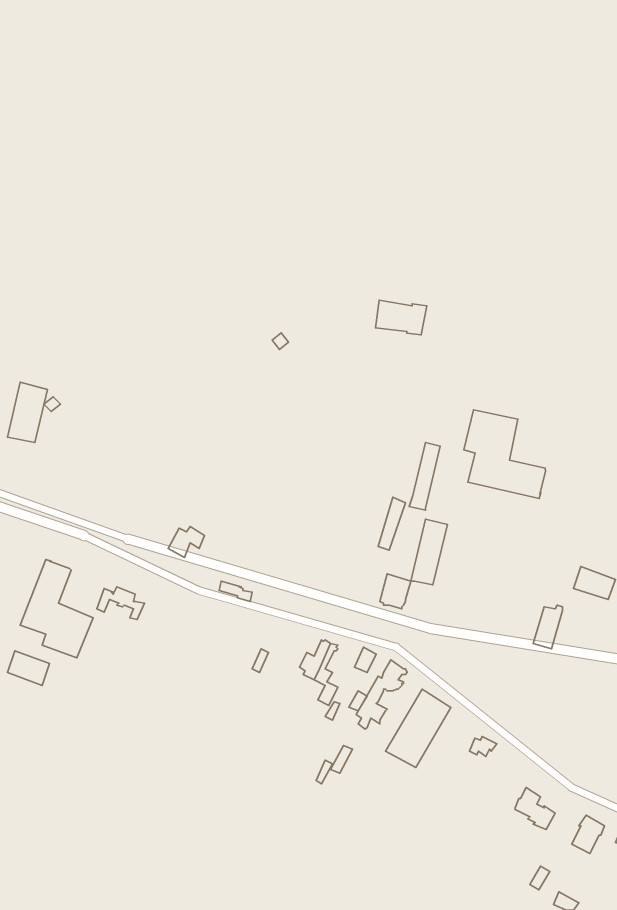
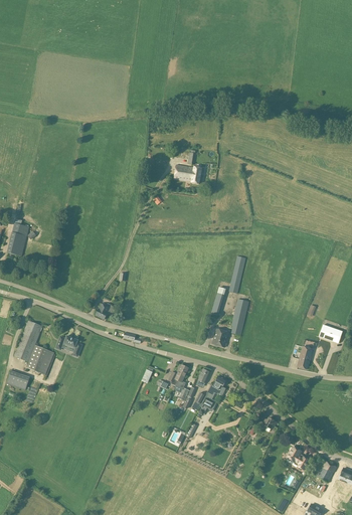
building: [376,300,427,335] -> [174,164,202,183]
building: [464,410,546,499] -> none
building: [386,689,451,768] -> none

